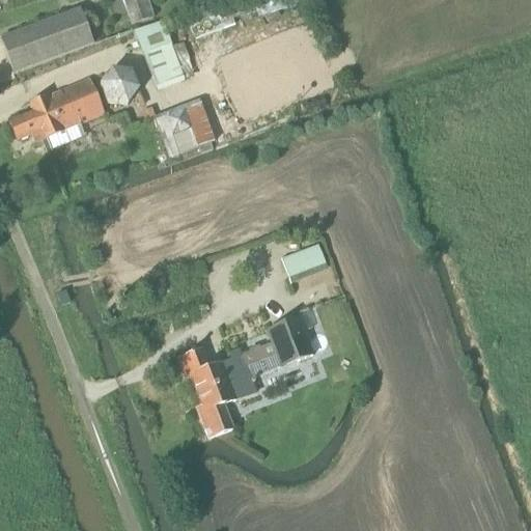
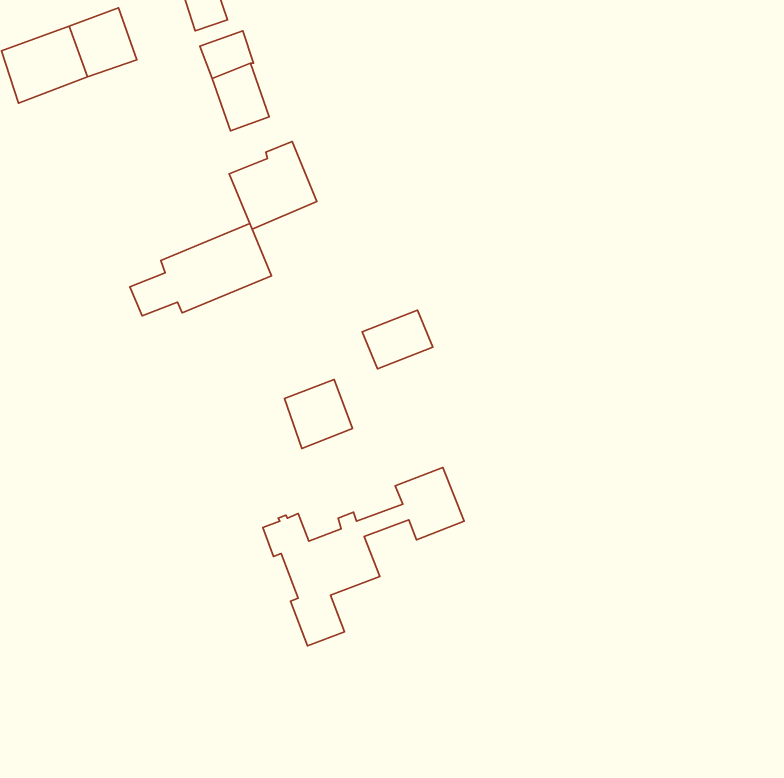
building: [101,65,139,102] -> none
building: [9,75,105,137] -> [130,224,271,316]
building: [281,242,329,281] -> [362,310,433,369]
building: none -> [284,380,352,449]

